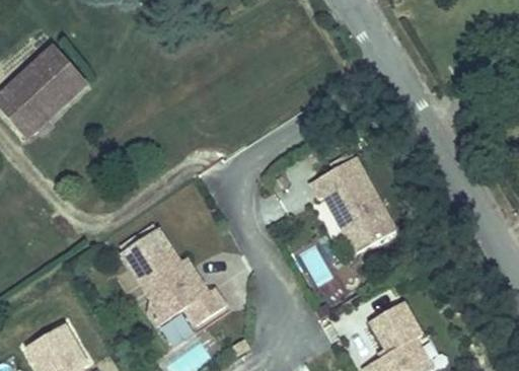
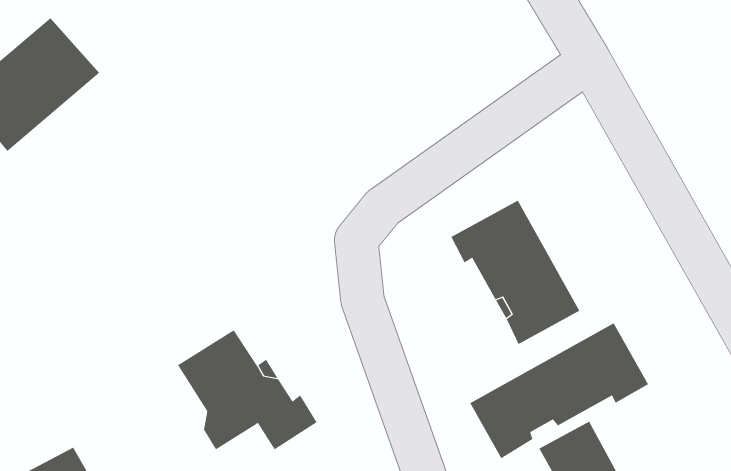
building: none -> [469,322,649,459]

